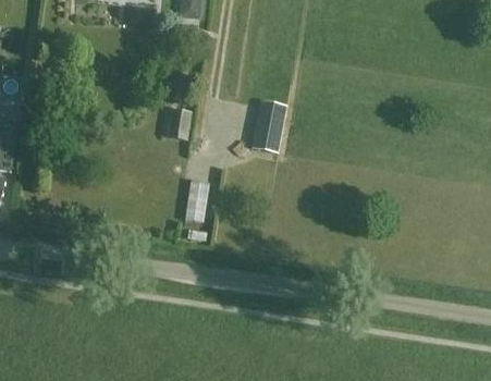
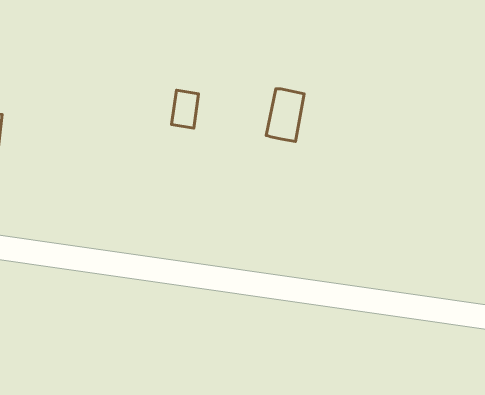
building: [186,182,209,222] -> none

